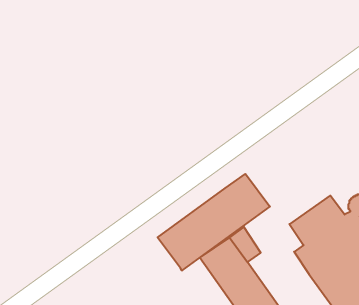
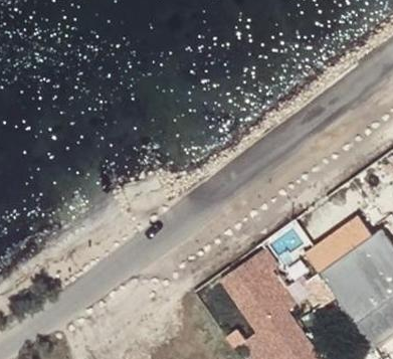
building: [158,174,270,271] -> none

